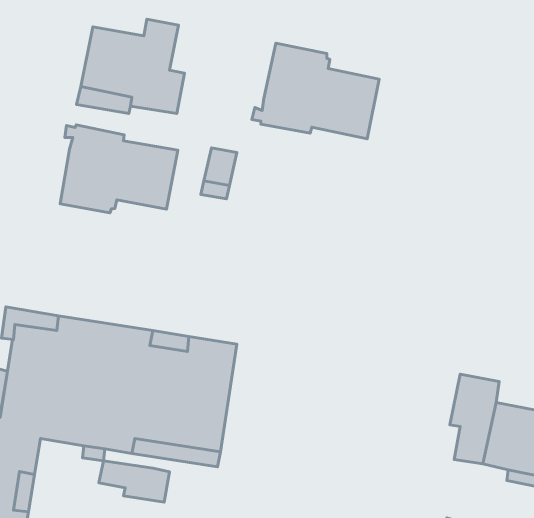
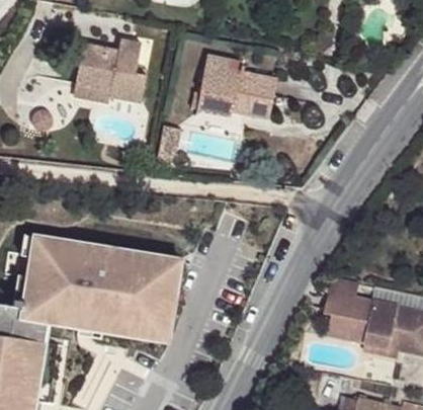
building: [60,125,178,213] -> none
building: [99,461,170,502] -> none

